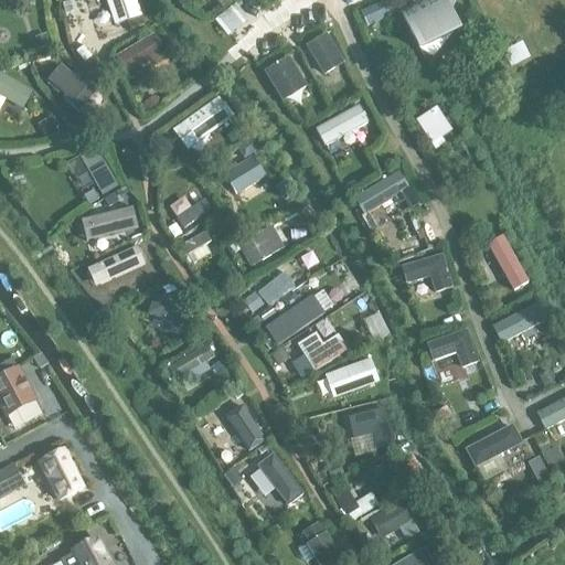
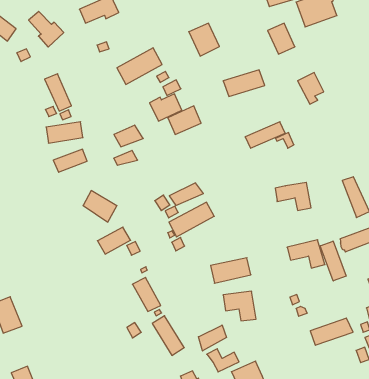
building: [305,31,343,73] -> [268,23,295,54]
building: [237,224,282,265] -> [168,106,201,134]
building: none -> [320,241,346,281]
building: [296,331,347,369] -> none
building: none -> [198,325,226,351]

